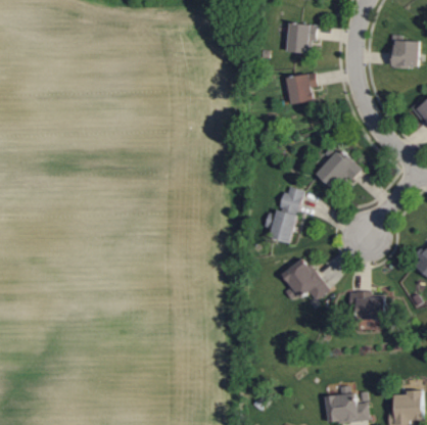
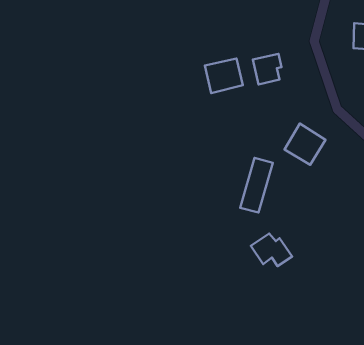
building: [287,23,315,52] -> none
building: none -> [205,59,243,93]
building: [348,289,382,319] -> none

